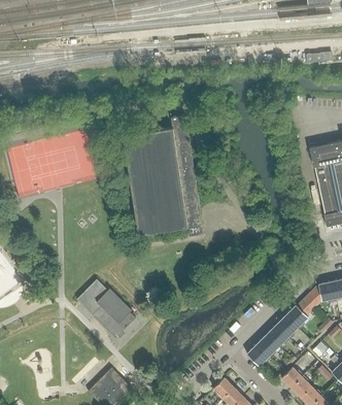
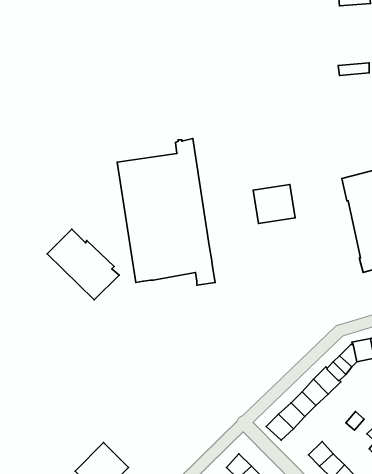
building: none -> [253,184,295,223]
building: [76,279,136,338] -> [47,229,119,300]

